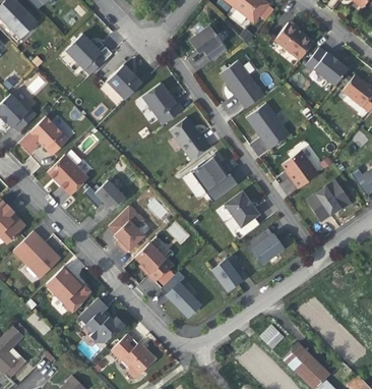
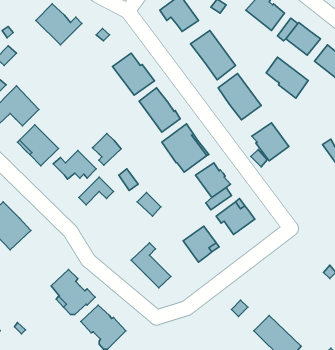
building: [108,65,141,99] -> none
building: none -> [266,57,308,98]
building: [306,179,352,221] -> none
building: [115,220,143,252] -> [93,133,121,165]
building: [135,242,172,281] -> none
building: [46,266,91,311] -> none

